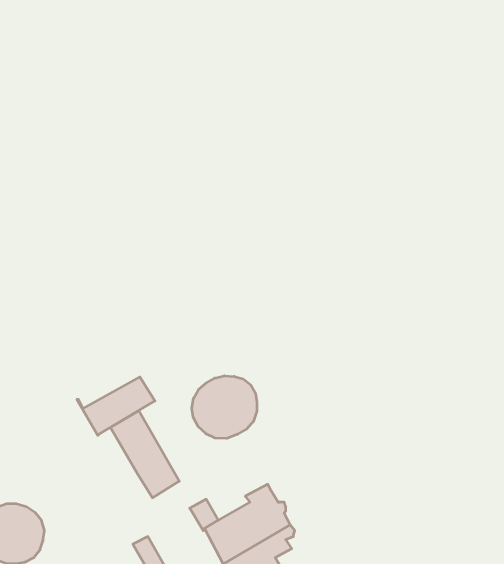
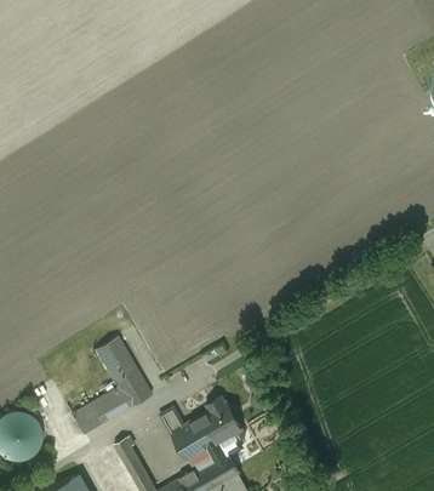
building: [192,376,257,438] -> none
building: [77,377,155,435] -> [65,387,129,434]

